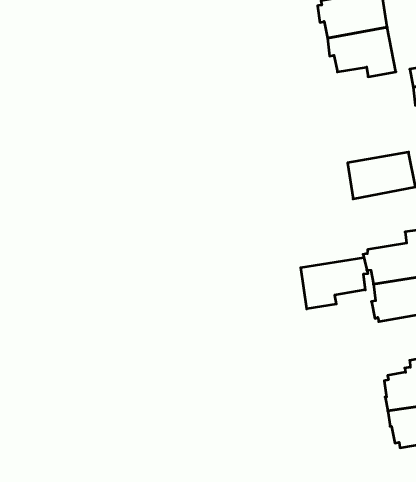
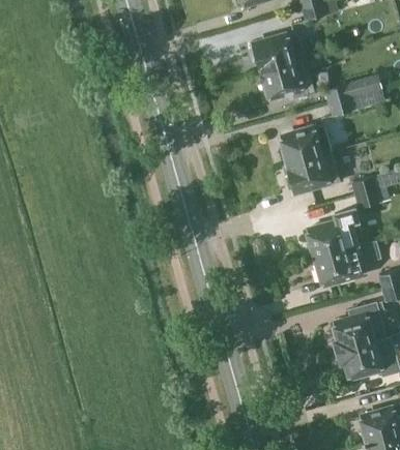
building: none -> [281,126,331,167]
building: [301,258,368,309] -> none

